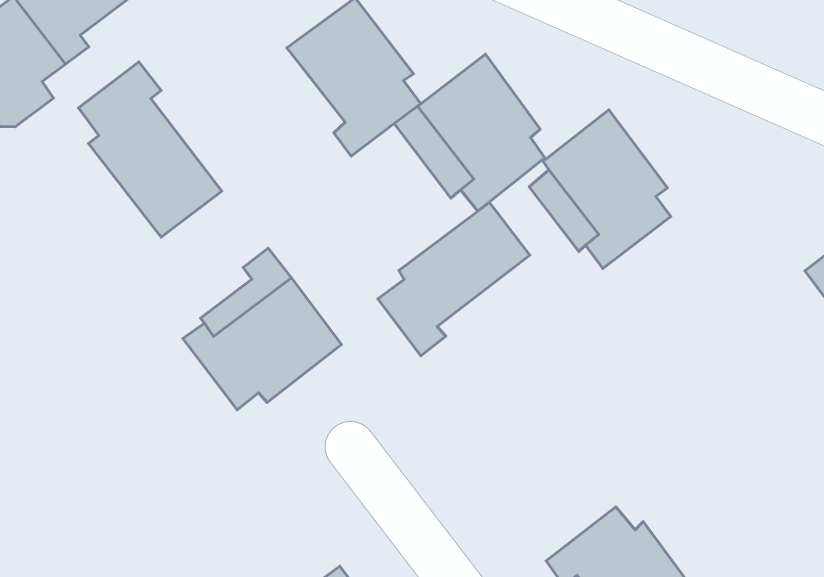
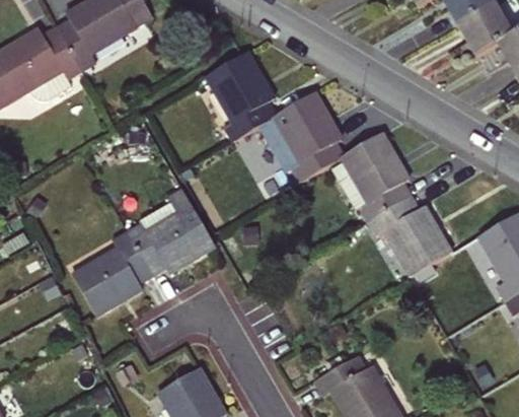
building: [78,62,222,237] -> none
building: [378,203,530,356] -> none
building: none -> [367,196,451,276]
building: none -> [73,230,153,316]

